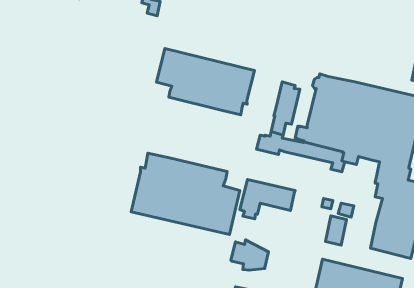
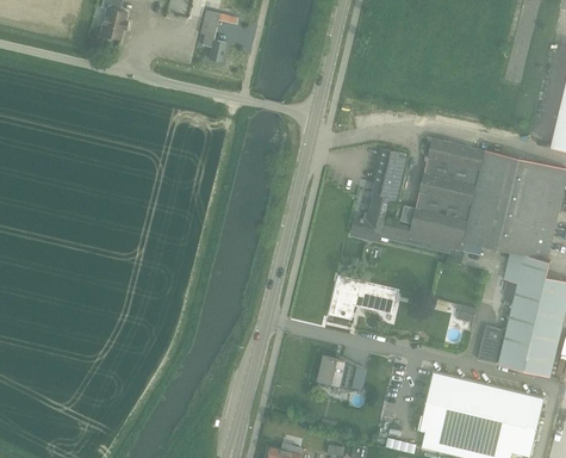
building: [157,49,254,115] -> none
building: [131,153,240,234] -> none
building: [325,216,347,245] -> [478,326,505,364]

